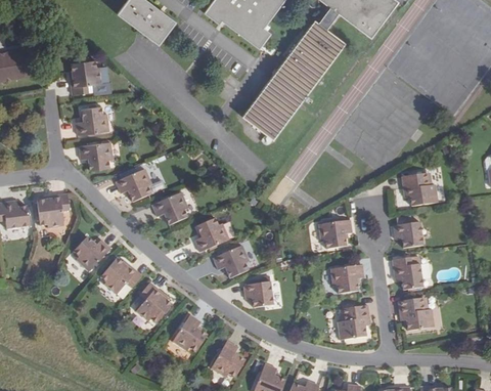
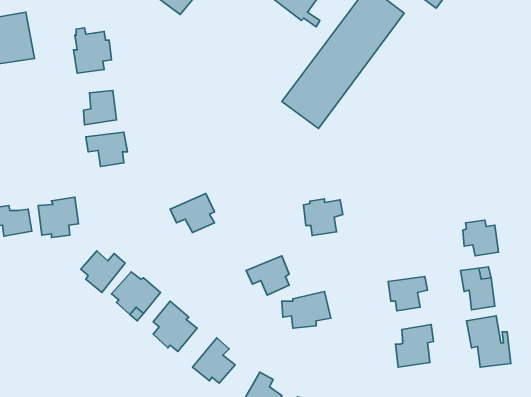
building: [401,171,438,205] -> none
building: [116,172,151,204] -> none
building: [195,217,230,252] -> none
building: [319,217,352,248] -> [304,199,343,235]

